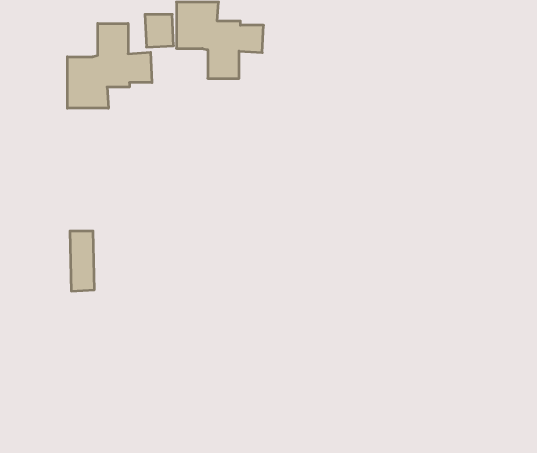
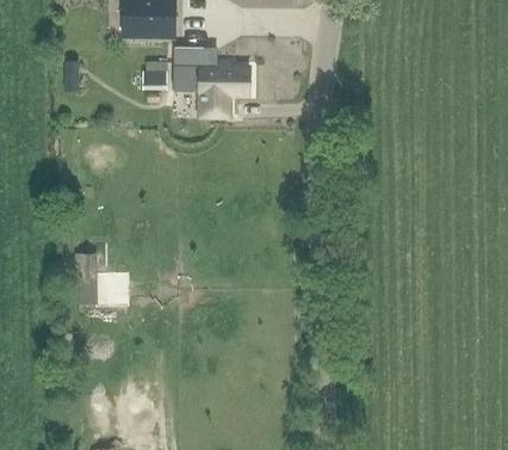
building: [67,23,152,108] -> none

